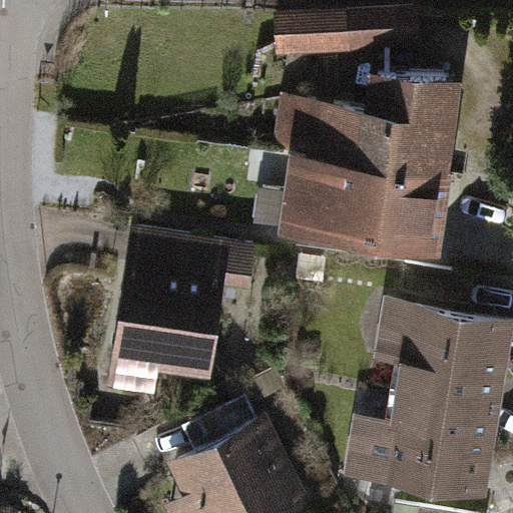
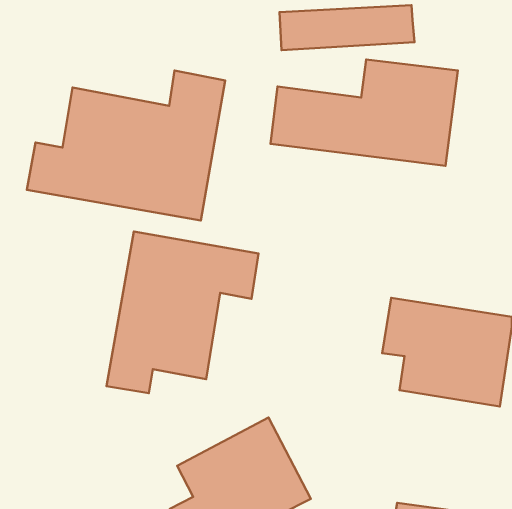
building: none -> [27,71,225,220]
building: [268,149,444,252] -> none
building: [349,394,498,494] -> none

